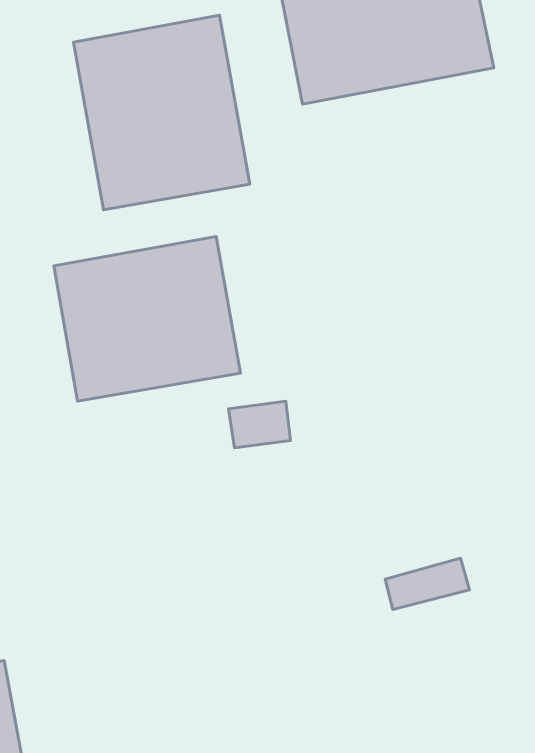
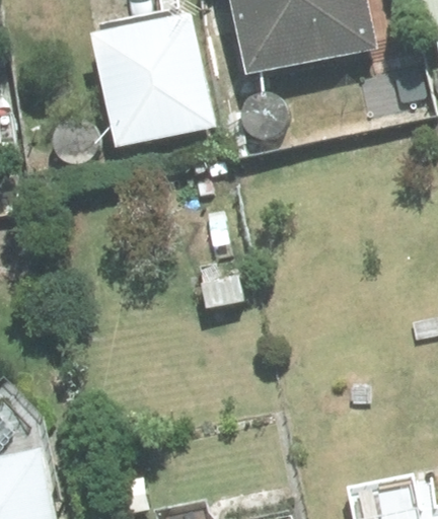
building: [54,237,241,401] -> none

